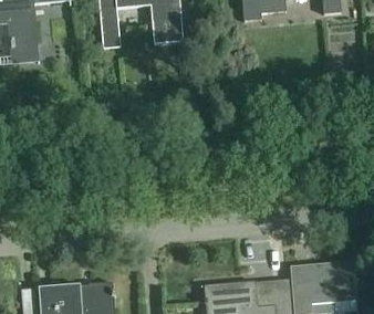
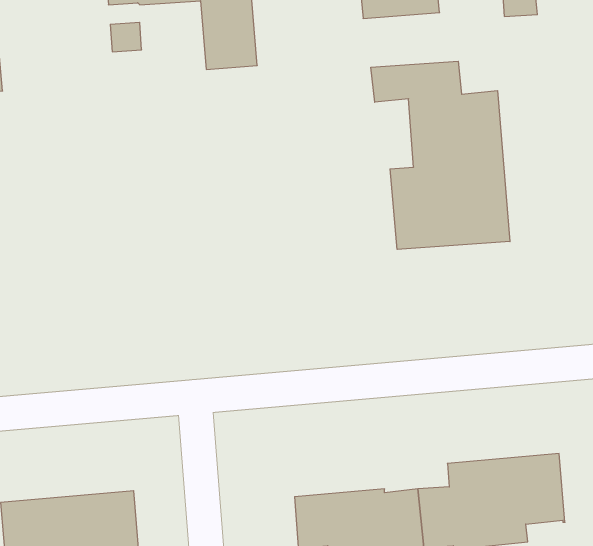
building: none -> [371,61,510,249]

